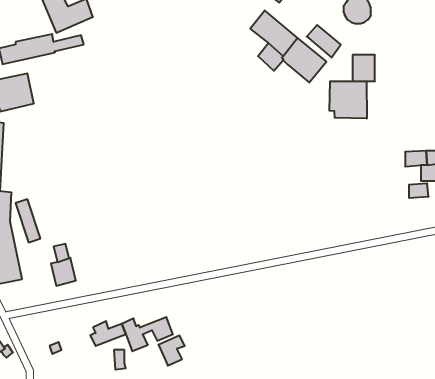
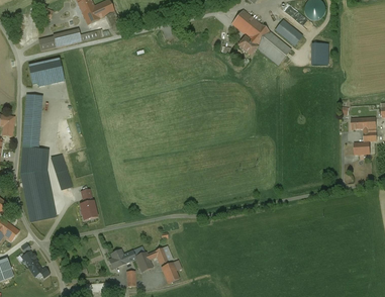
building: [329,81,367,119] -> none

